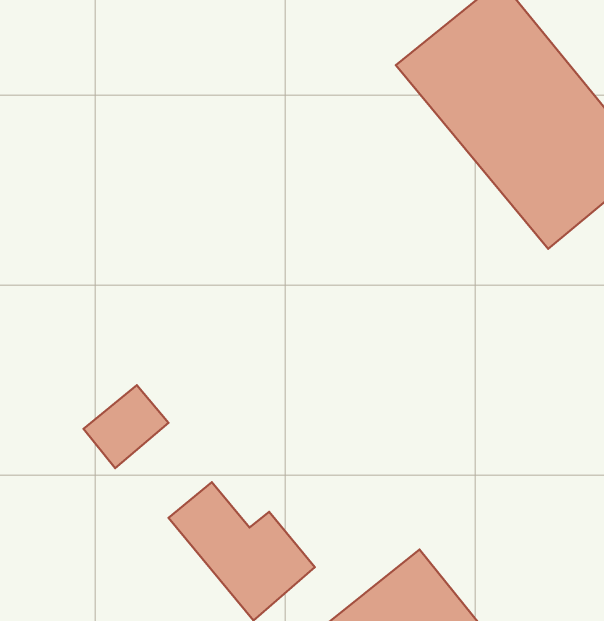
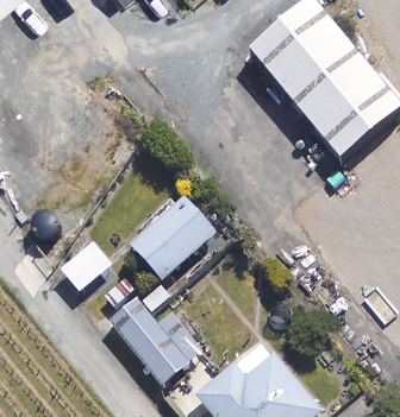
building: none -> [132,198,218,282]

